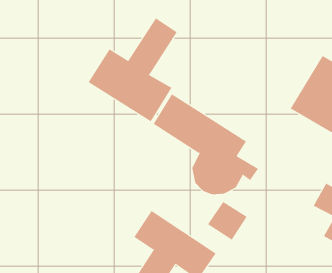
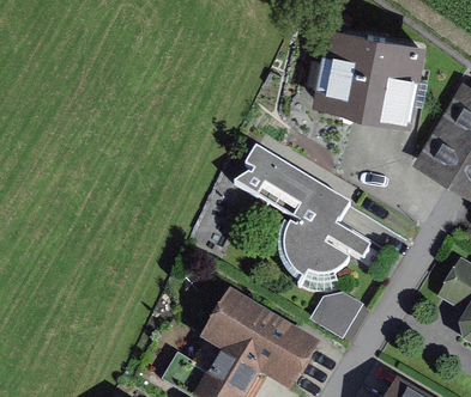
building: none -> [322,26,424,108]
building: [88,17,177,122] -> none

